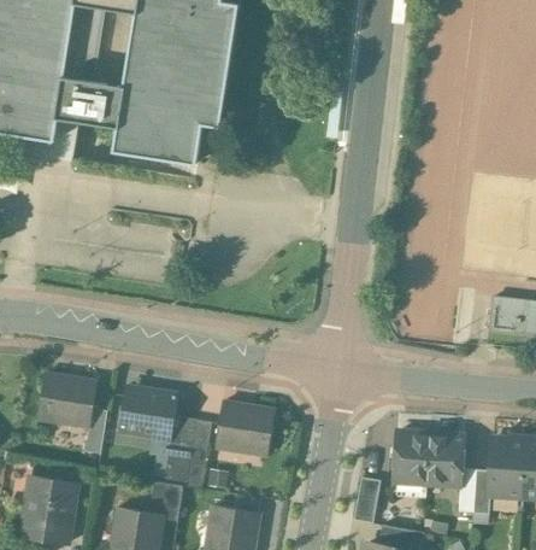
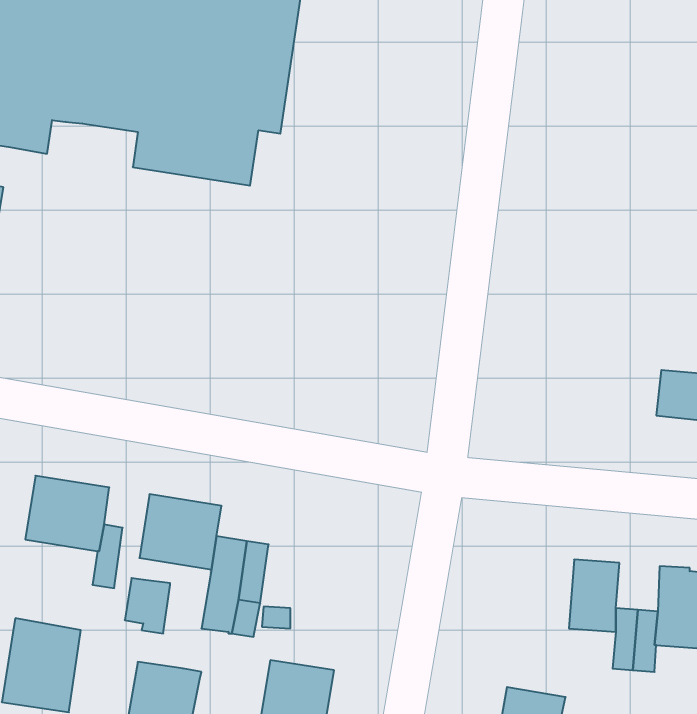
building: [216,402,275,455] -> none
building: [394,431,431,482] -> none
building: [354,476,381,522] -> none
building: [151,481,183,521] -> [125,578,170,633]

